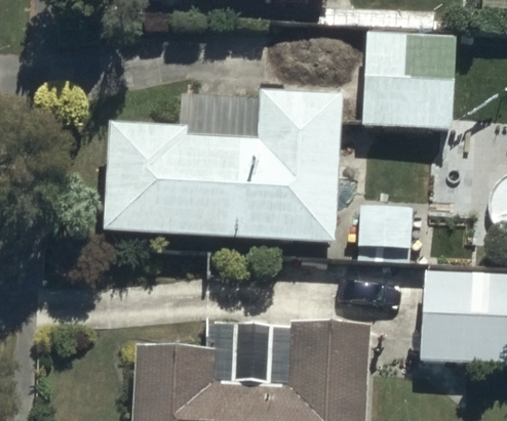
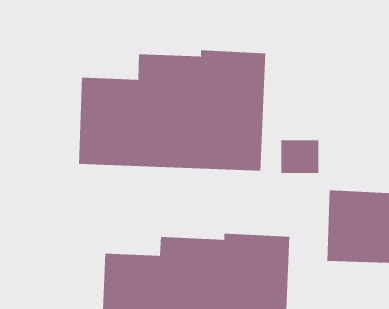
building: [363,36,454,127] -> none

